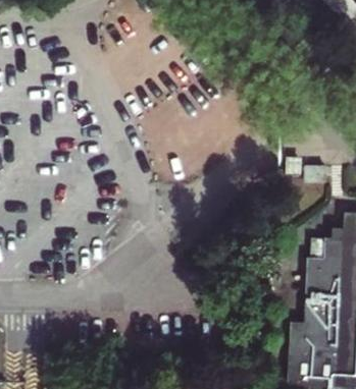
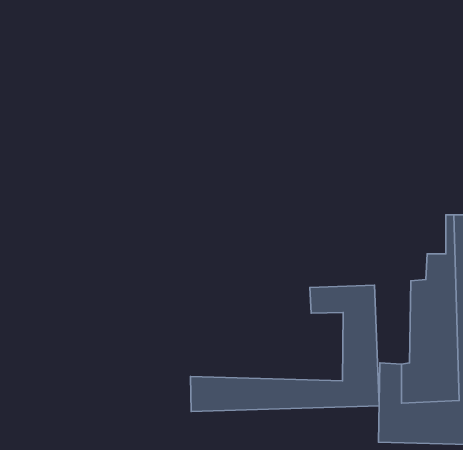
building: none -> [191,285,379,411]

